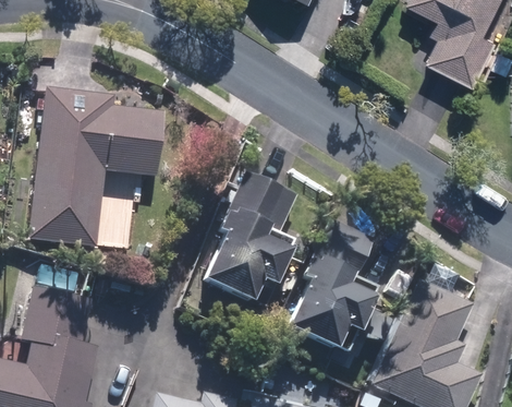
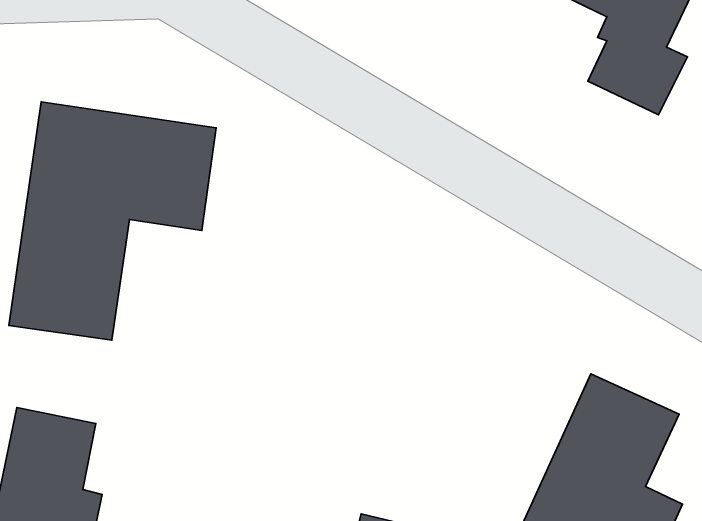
building: [198,173,297,315] -> none
building: [281,226,375,354] -> none

